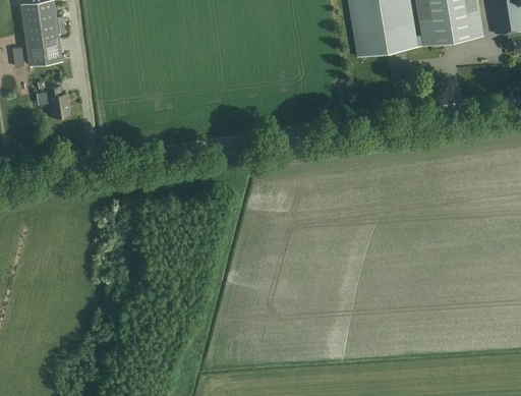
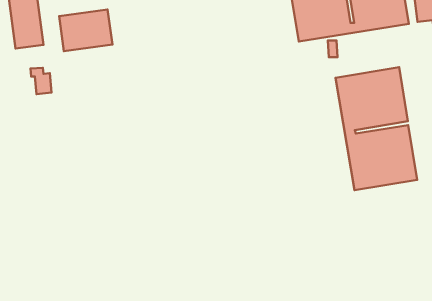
building: none -> [59,10,112,51]
building: none -> [335,67,417,190]

